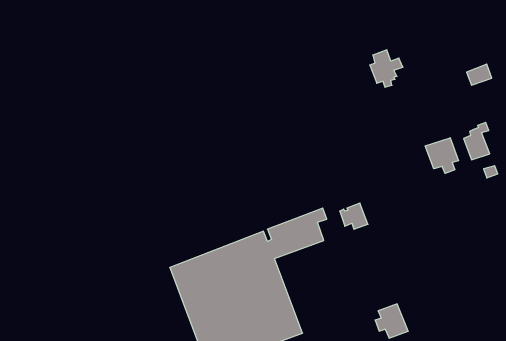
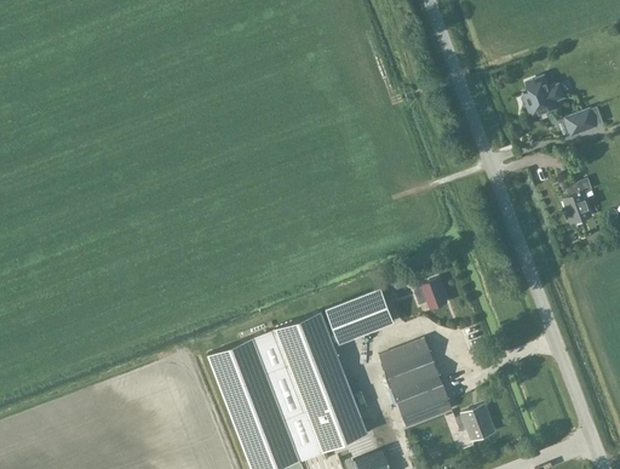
building: [370,50,403,87] -> [523,79,563,124]
building: [425,138,459,173] -> none
building: none -> [379,339,452,428]

